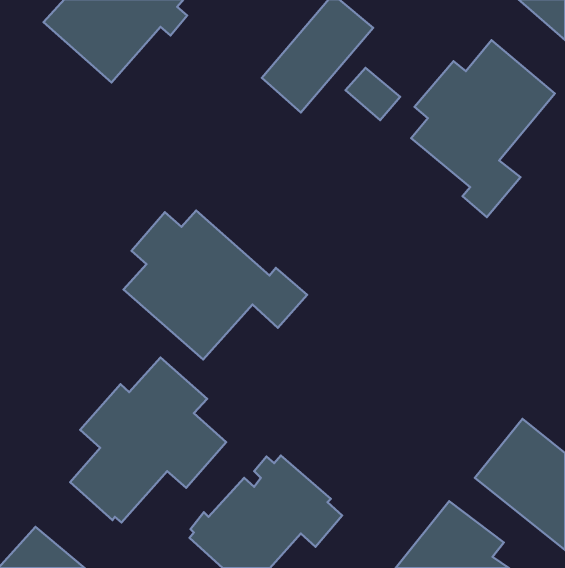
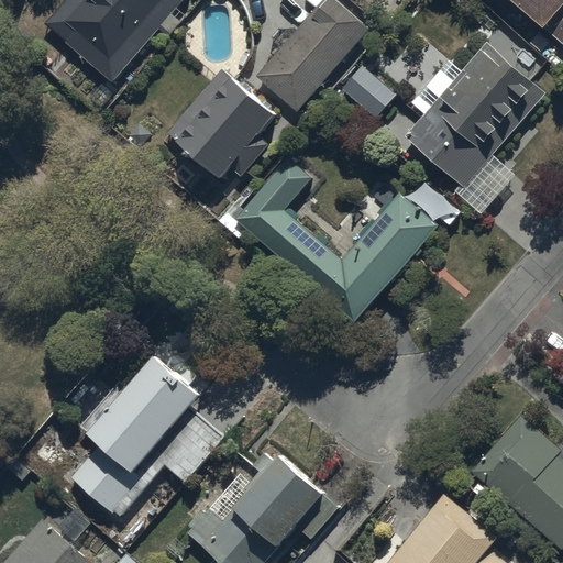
building: none -> [168,69,273,177]
building: none -> [234,157,439,324]
building: [124,210,307,360] -> none

